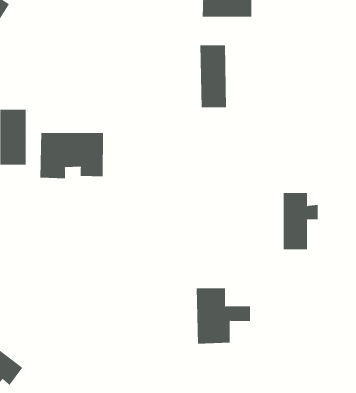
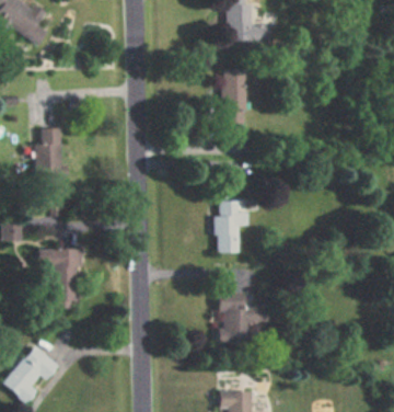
building: [40,132,103,179] -> none
building: [283,192,319,250] -> [216,201,248,253]
building: none -> [44,249,77,302]

